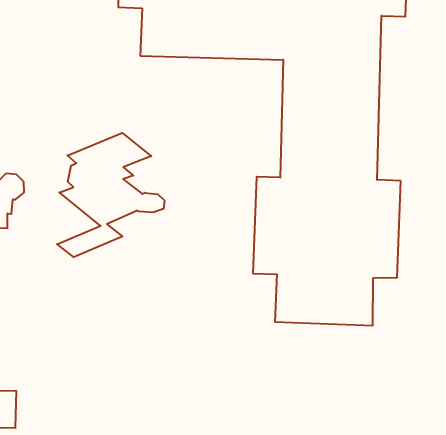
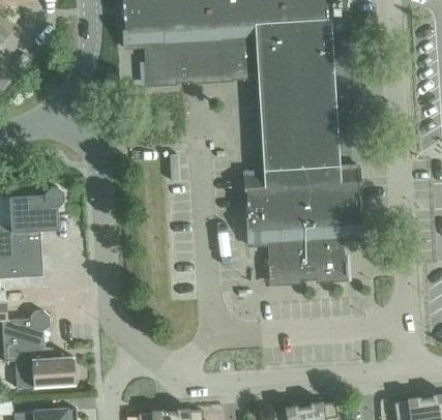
building: [57,133,164,257] -> none

